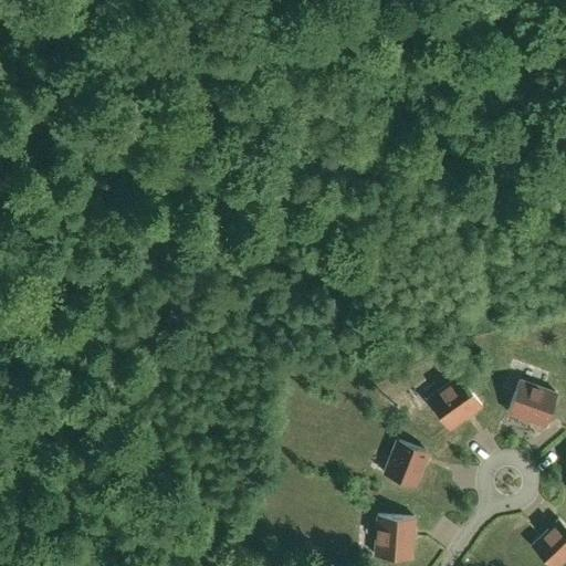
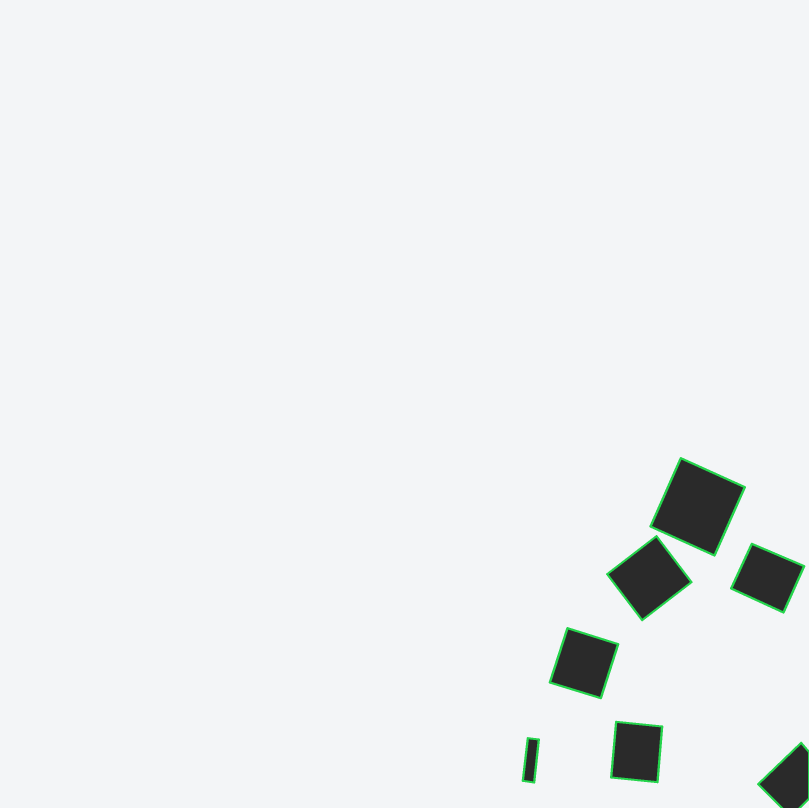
building: none -> [650,458,745,556]
building: [377,516,412,558] -> [611,722,662,782]

